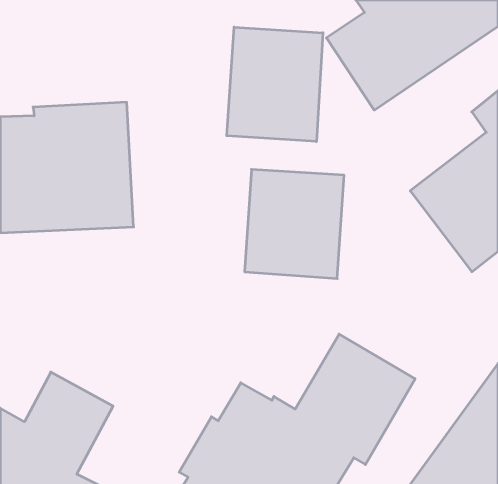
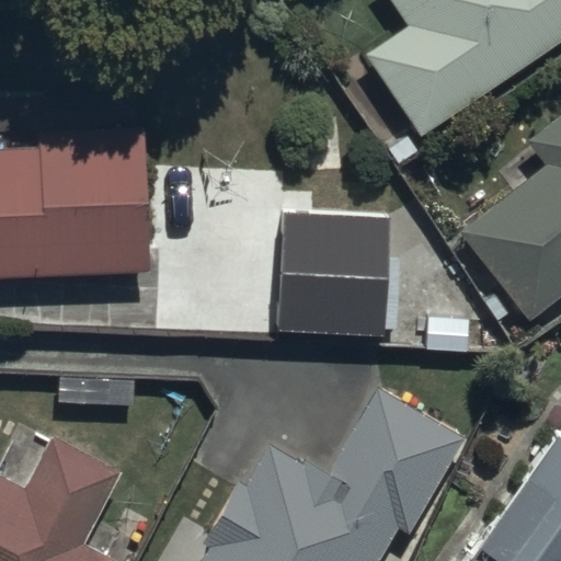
building: [227,27,323,142] -> none

